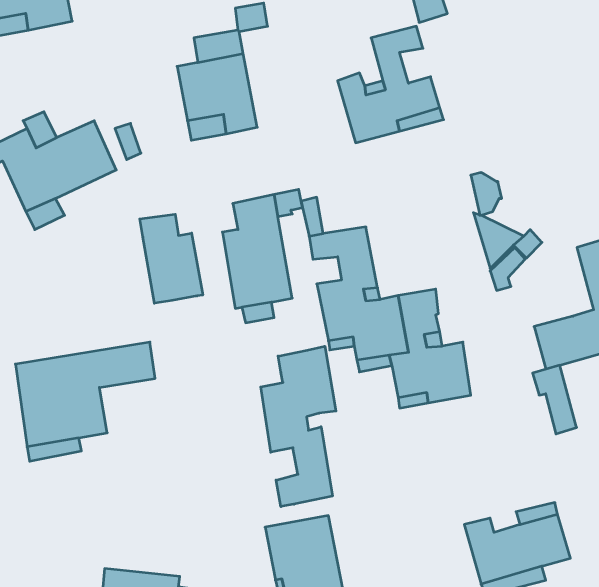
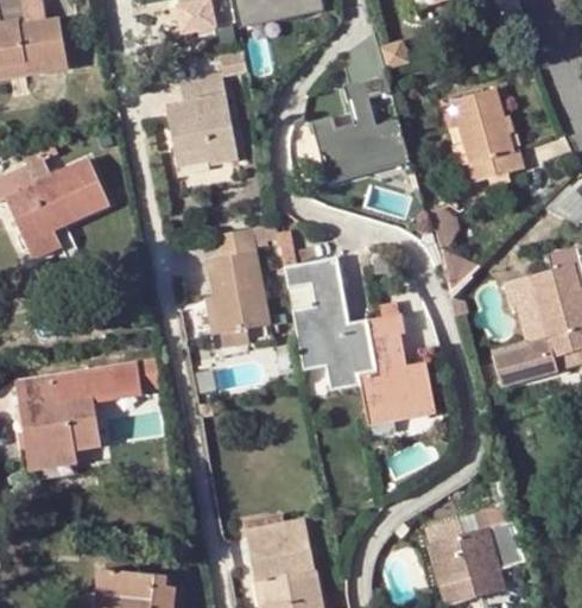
building: none -> [453,87,525,180]
building: [140,214,203,303] -> none
building: [261,346,336,507] -> none
building: [533,365,577,434] -> [506,276,546,338]

